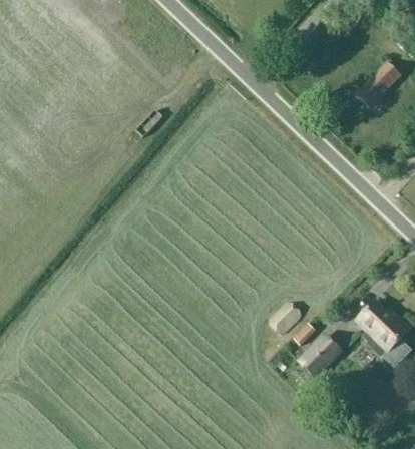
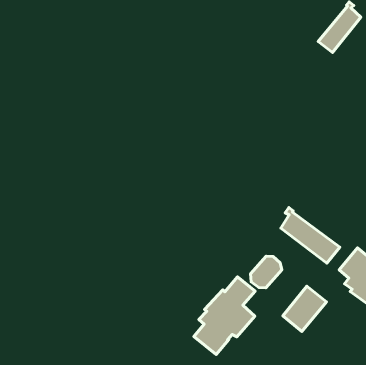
building: none -> [281,208,340,263]
building: none -> [194,277,255,355]

